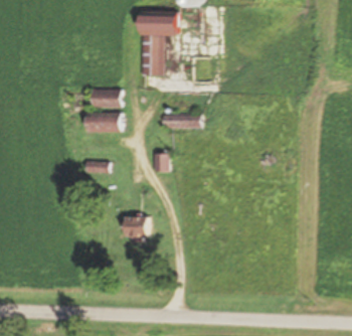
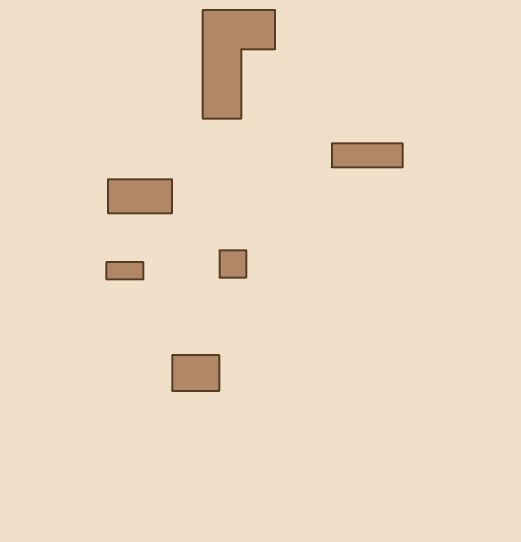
building: [90,91,122,109] -> none
building: [159,114,201,128] -> [332,144,403,167]

